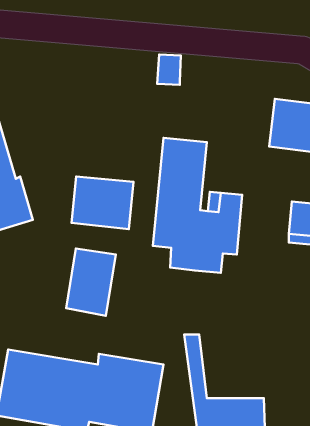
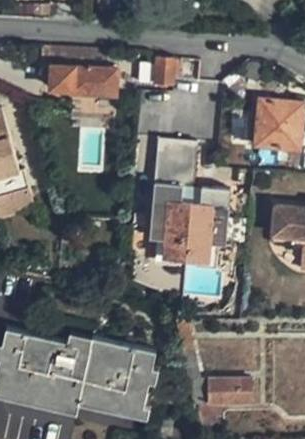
building: none -> [46,49,117,97]
building: [72,176,133,229] -> none
building: [66,248,116,316] -> none

